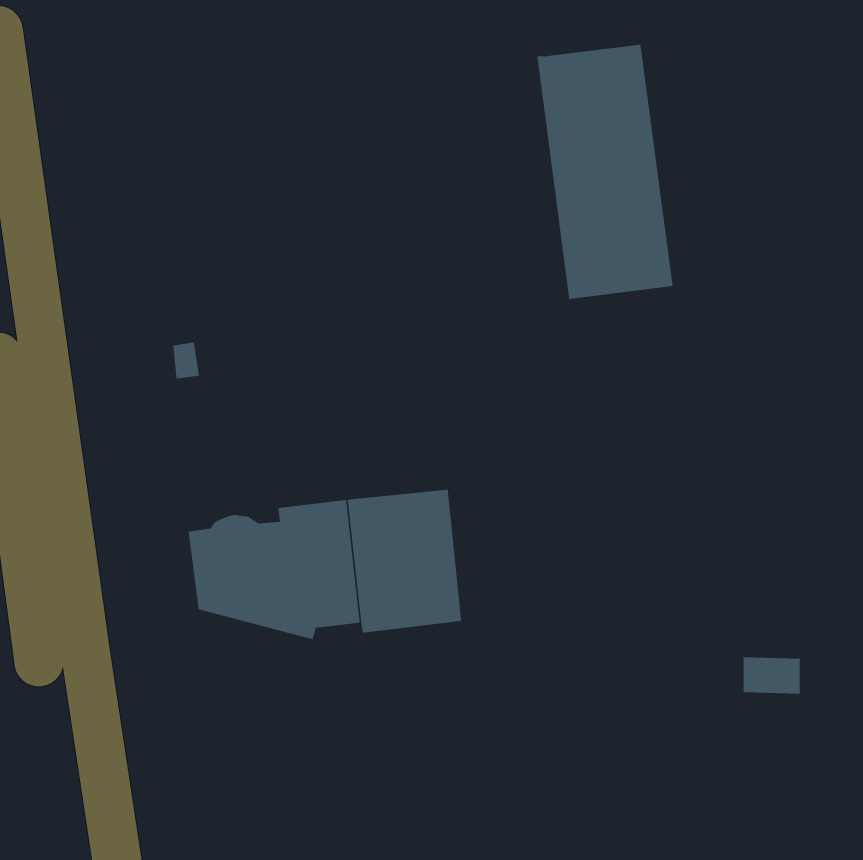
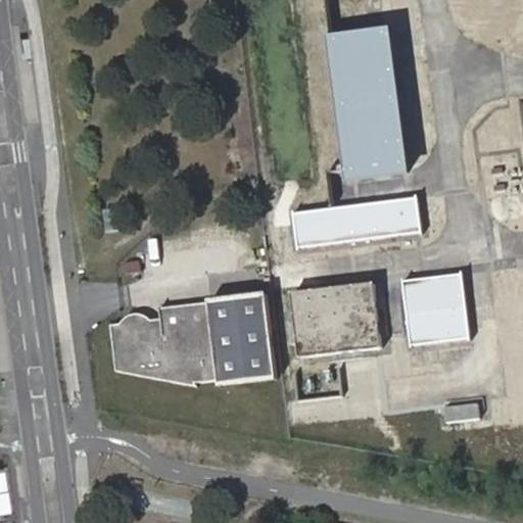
building: none -> [291,196,419,245]
building: none -> [399,275,466,349]
building: none -> [297,283,380,353]

